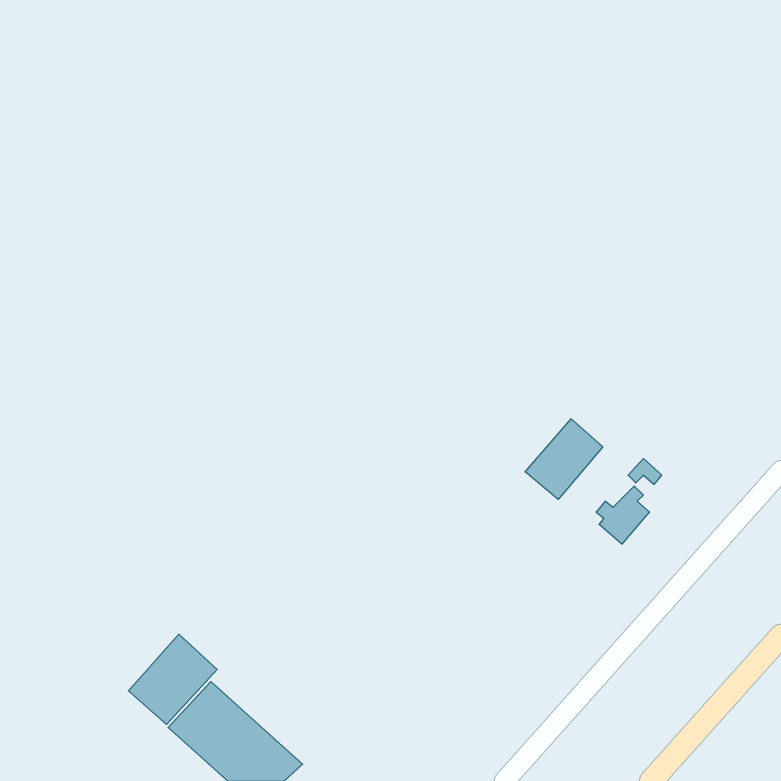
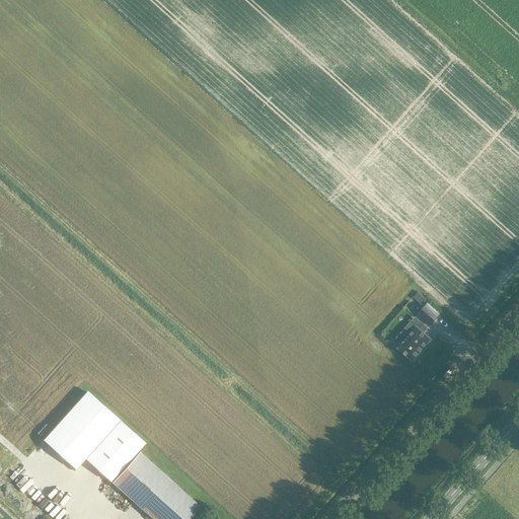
building: [525,419,603,499] -> none
building: none -> [44,392,119,468]

